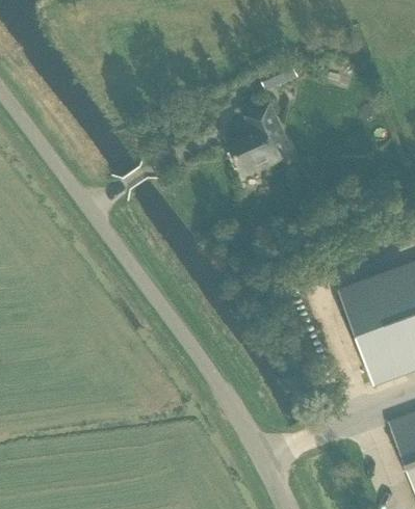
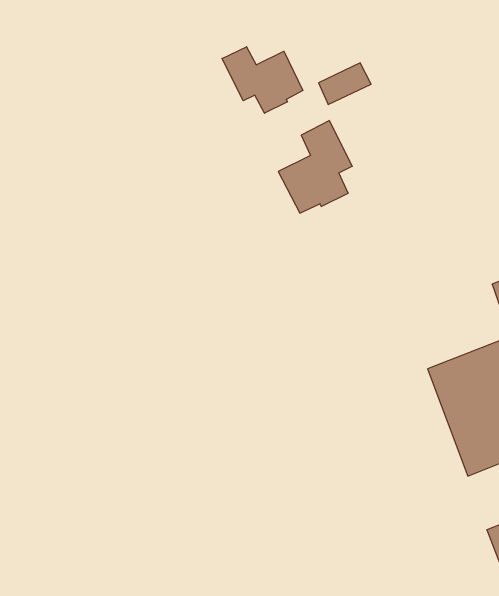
building: none -> [222,47,303,113]

